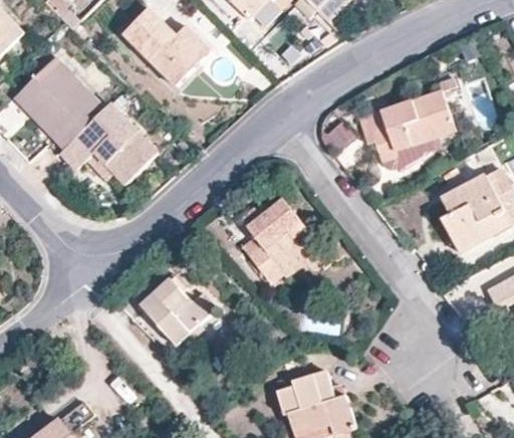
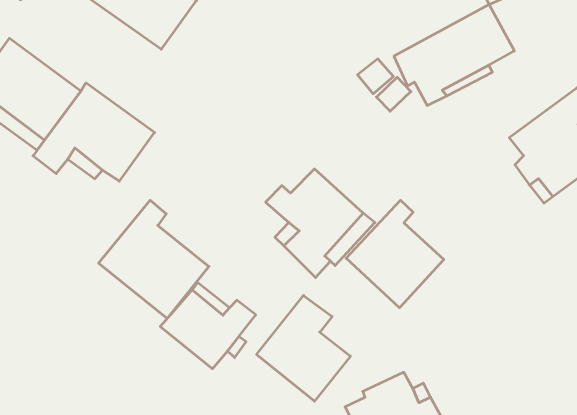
building: none -> [99,200,209,319]
building: none -> [346,200,444,308]
building: none -> [257,295,350,401]

